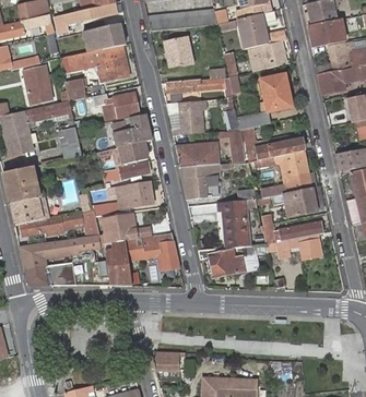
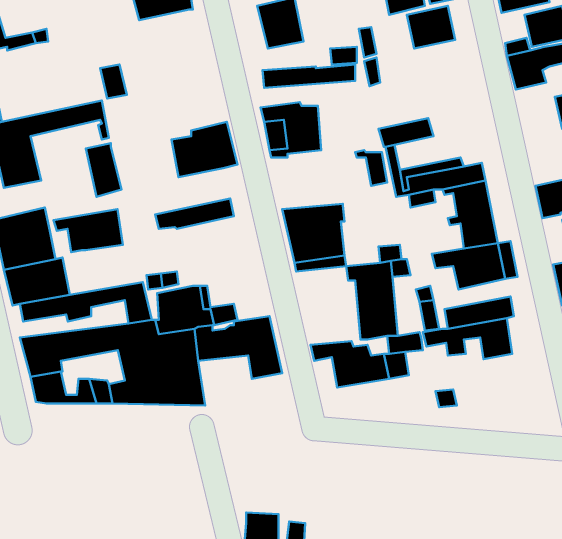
building: [64,45,129,80] -> none
building: [23,67,54,105] -> none
building: [261,73,291,110] -> none
building: [92,93,138,117] -> none
building: [115,142,146,164] -> none
building: [175,142,216,167] -> none
building: [109,181,152,207] -> [53,209,123,252]

